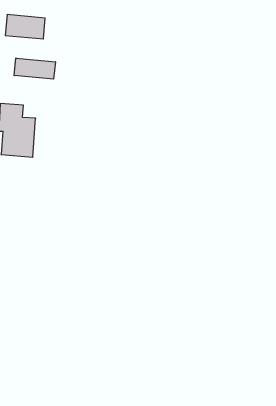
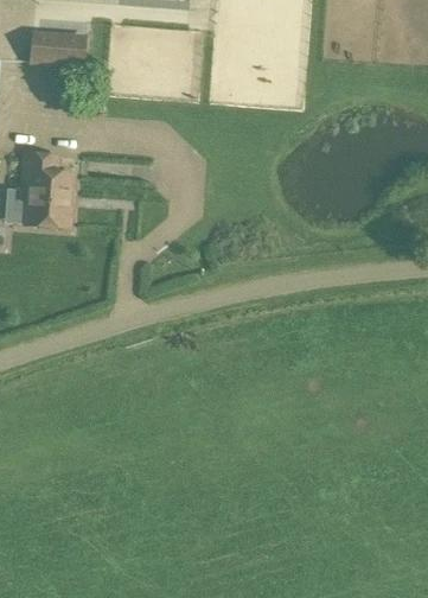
building: [14,58,55,79] -> none

